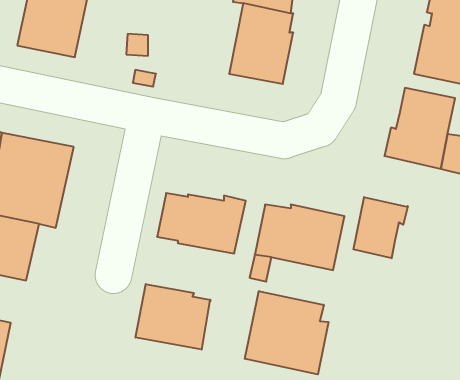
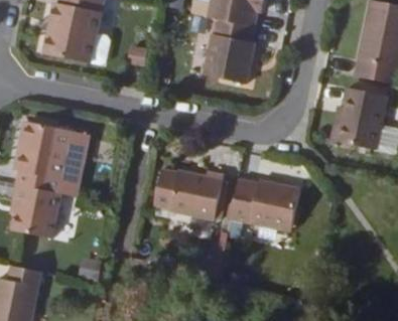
building: [353,197,408,258] -> none
building: [136,284,210,350] -> none
building: [245,291,328,374] -> none

